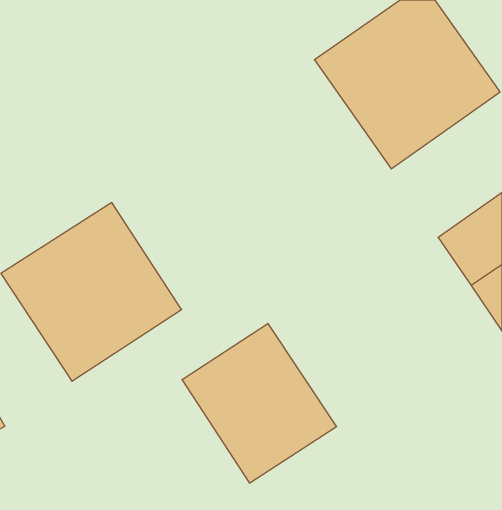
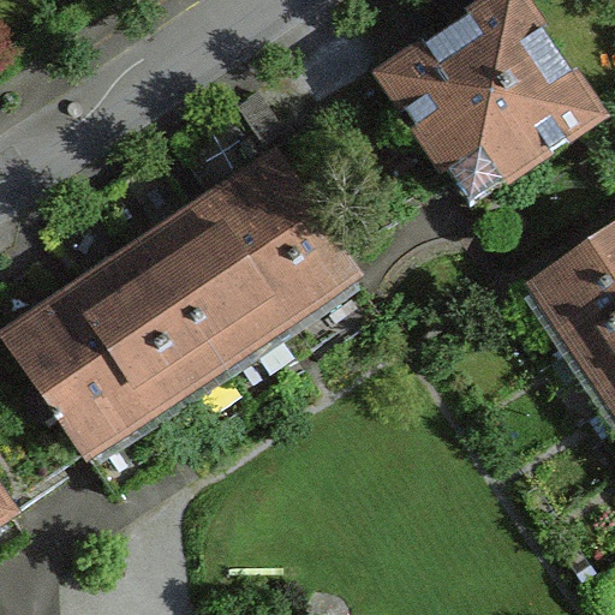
building: none -> [135,150,360,372]
building: [182,323,337,483] -> none

